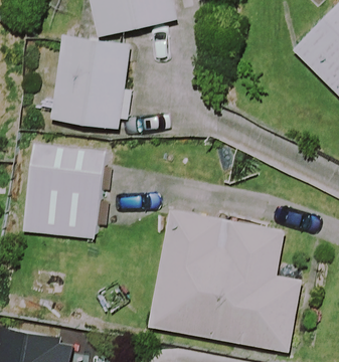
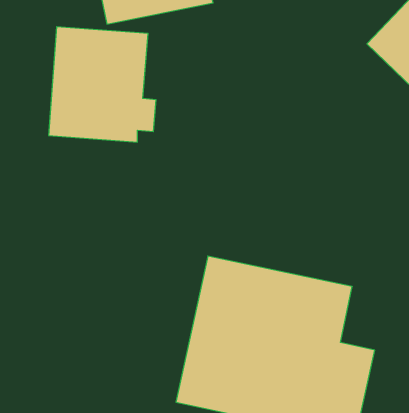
building: [22,150,102,239] -> none

